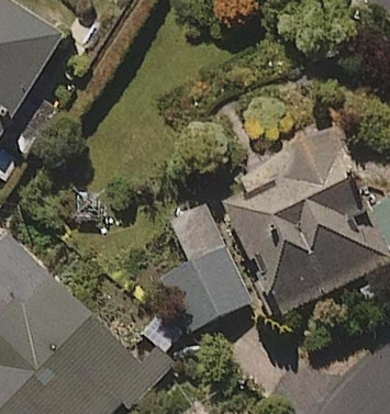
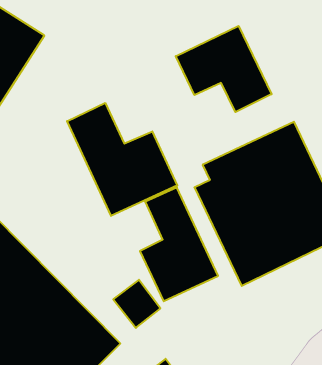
building: none -> [176,26,272,112]
building: none -> [67,103,177,216]

